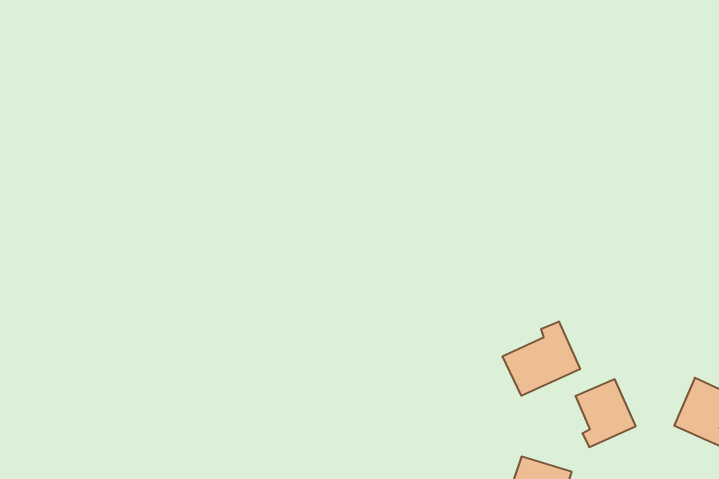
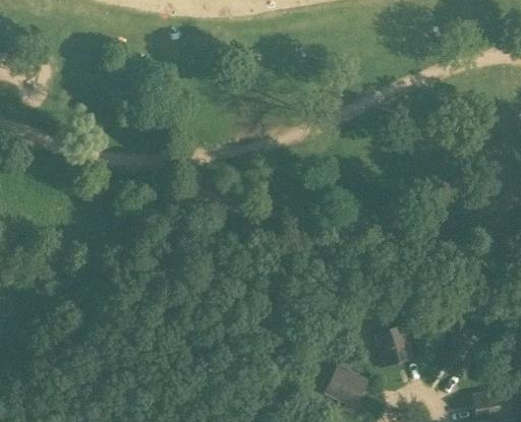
building: [503,321,580,396] -> none

